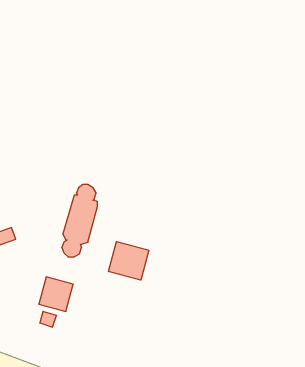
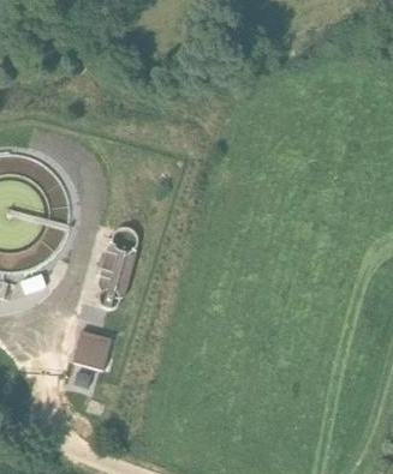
building: [109,242,149,280] -> none

